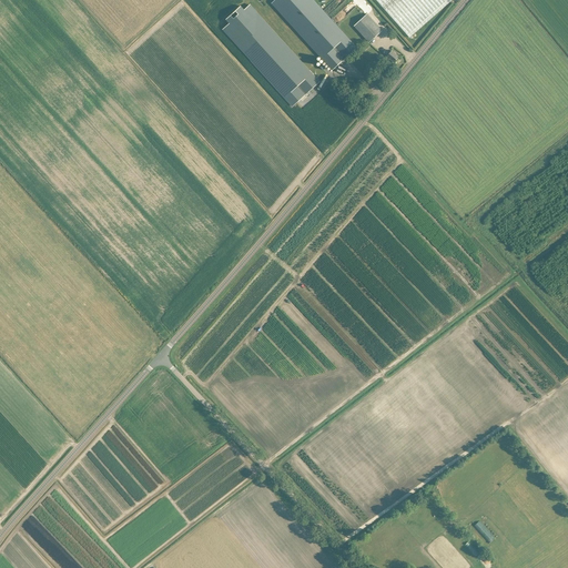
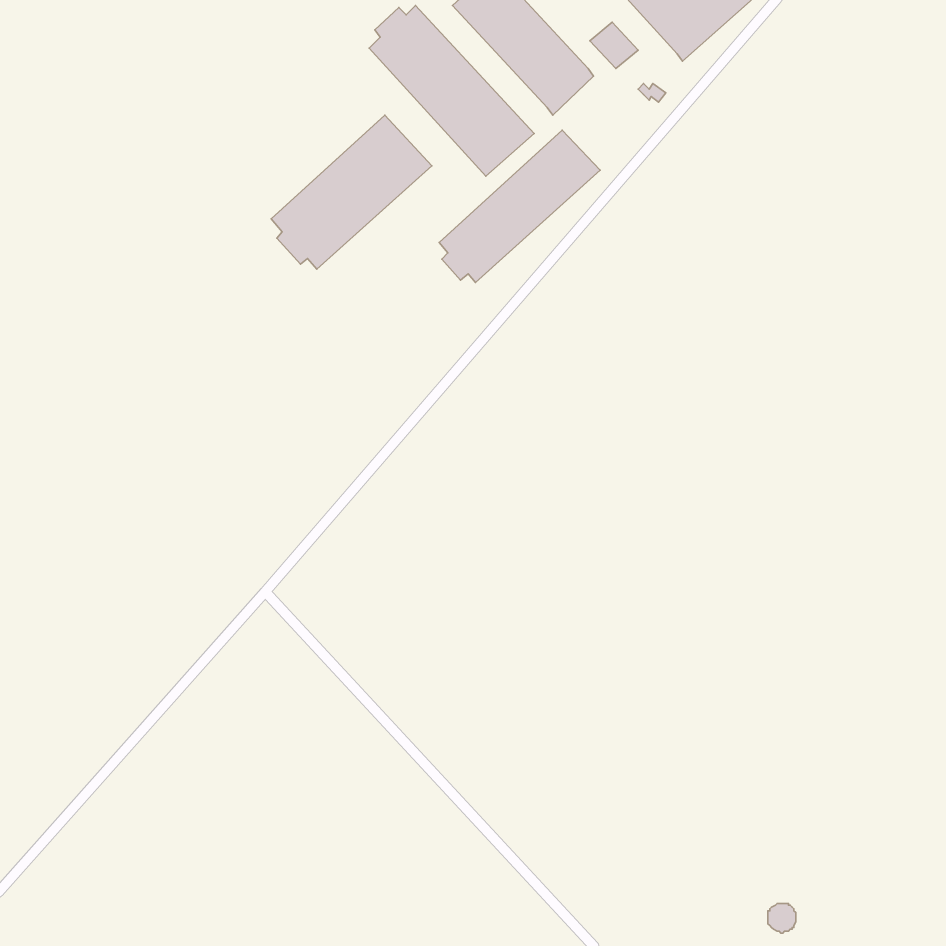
building: none -> [271,115,432,269]
building: none -> [439,130,600,282]

